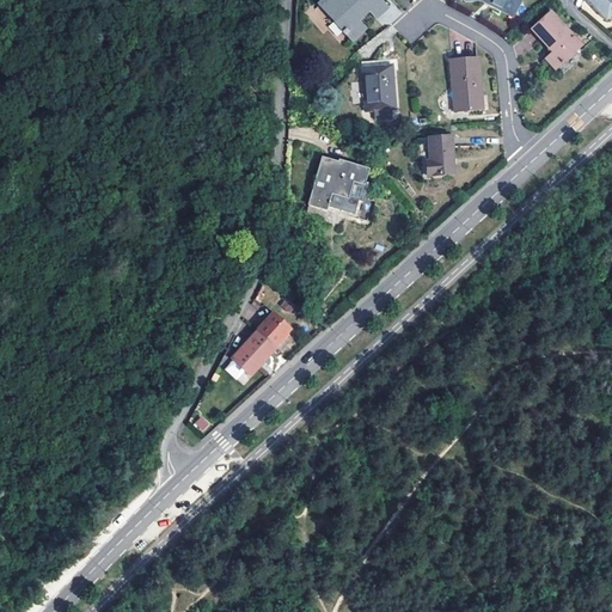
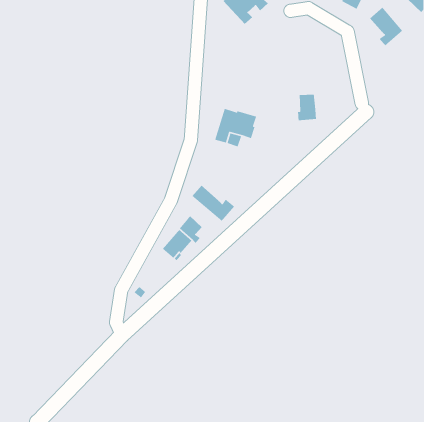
building: [451,56,483,109] -> none
building: [362,63,396,116] -> none
building: none -> [192,185,235,222]

